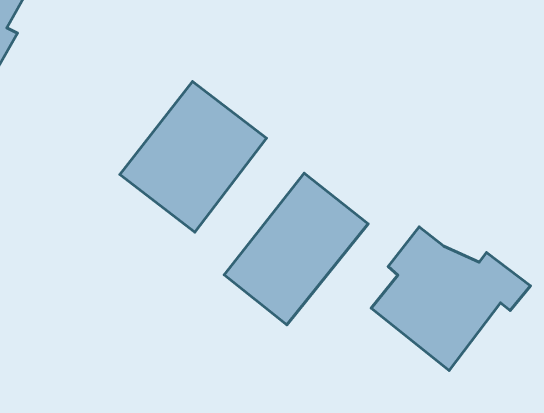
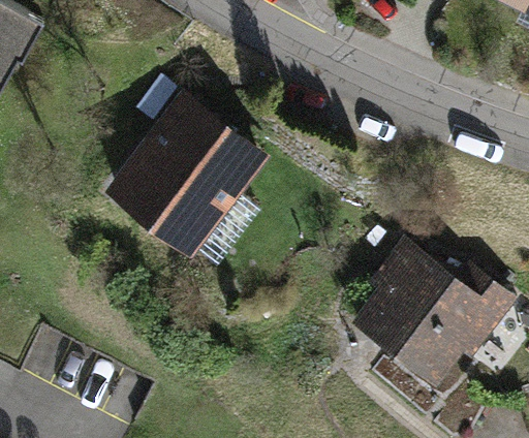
building: [224,173,368,325] -> none

